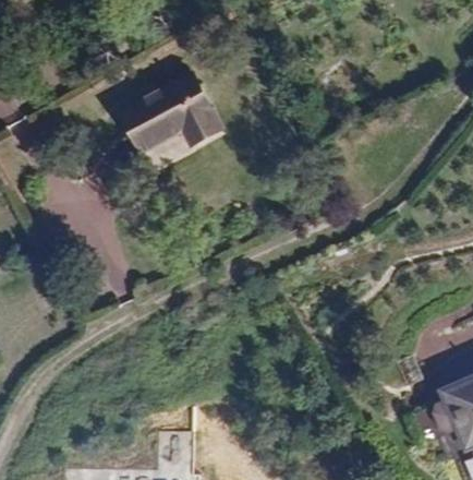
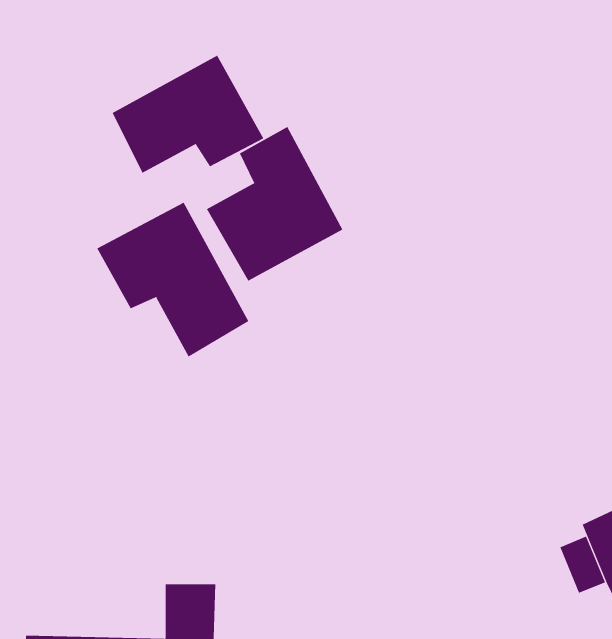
building: none -> [206,126,343,281]
building: none -> [97,202,249,358]

